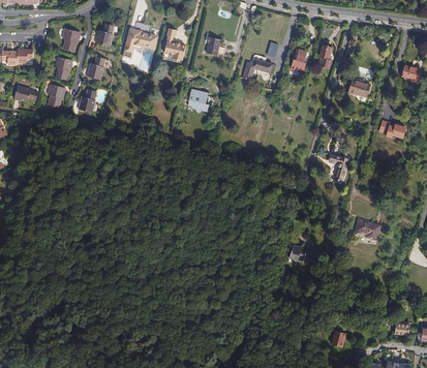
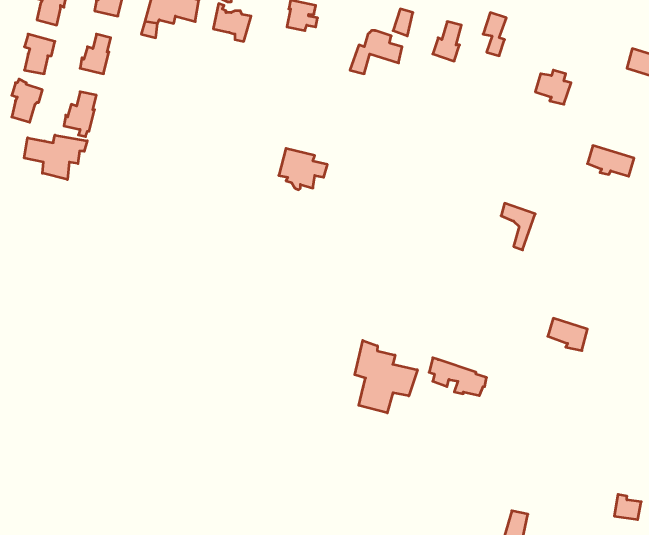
building: [187,88,215,112] -> [279,148,327,190]
building: none -> [24,135,87,180]
building: none -> [355,340,417,413]

